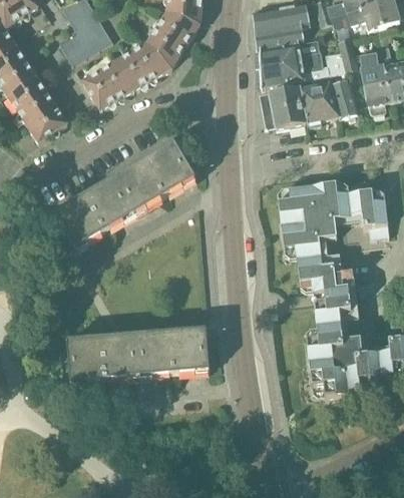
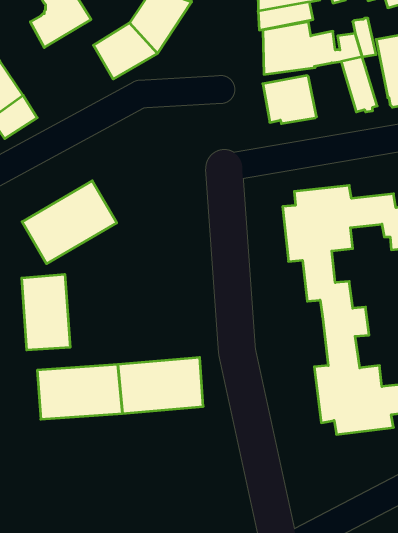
building: [84,60,133,108] -> none
building: [301,74,340,125] -> none
building: [115,141,196,212] -> none
building: none -> [22,274,70,350]

